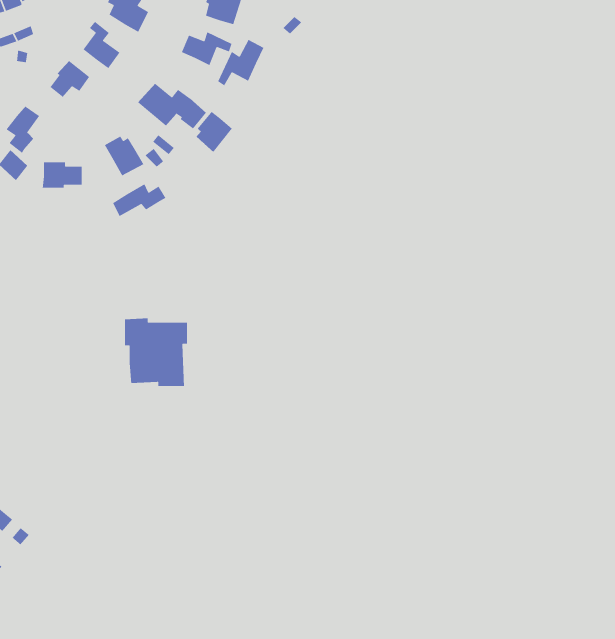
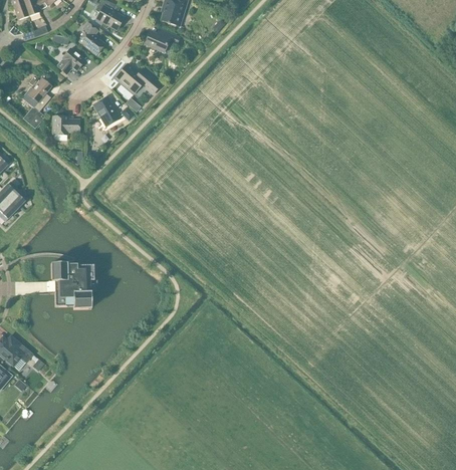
building: [217,39,265,87] -> none
building: [195,111,233,153] -> none
building: [112,183,166,217] -> none
building: [124,317,188,387] -> [51,262,93,308]

